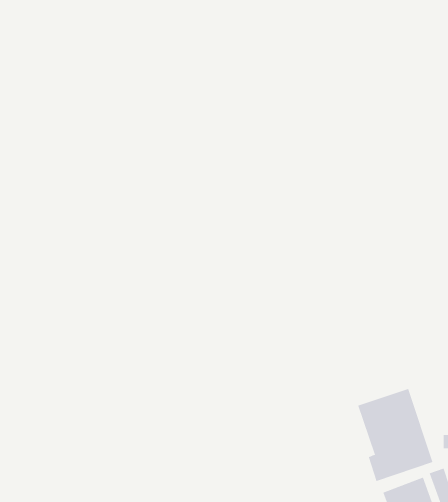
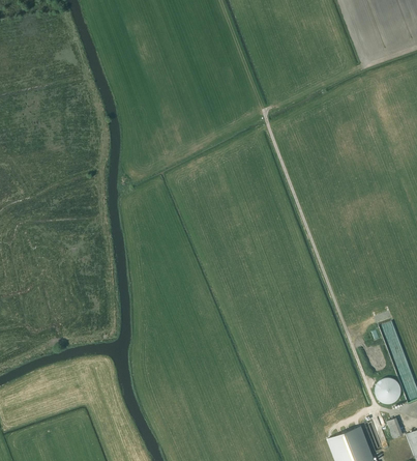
building: [357,388,433,482] -> none

